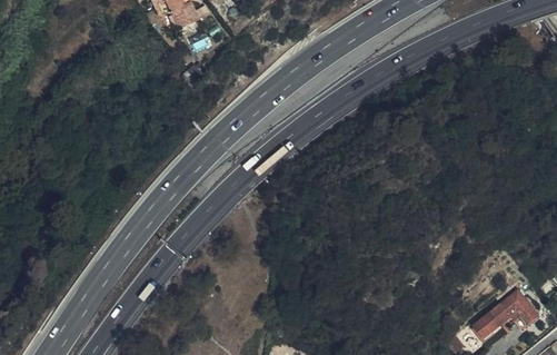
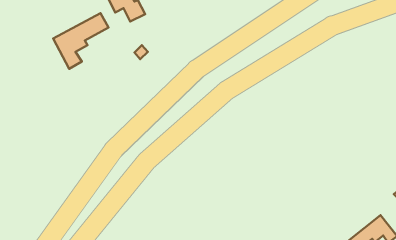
building: none -> [53,13,108,69]

